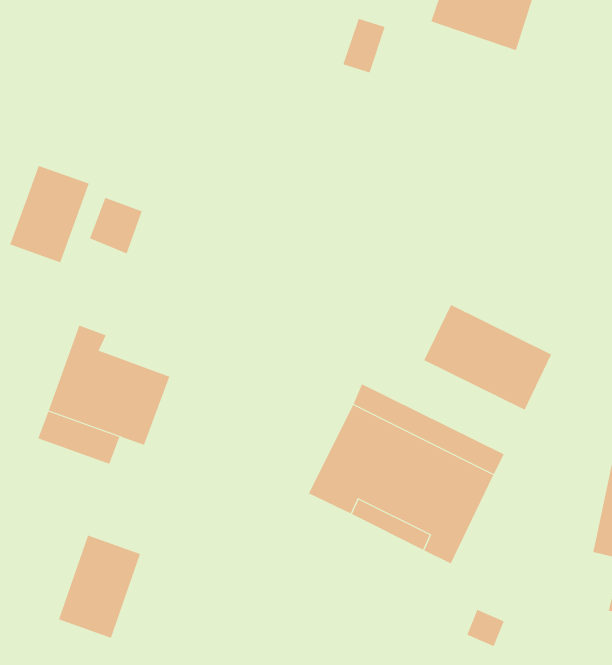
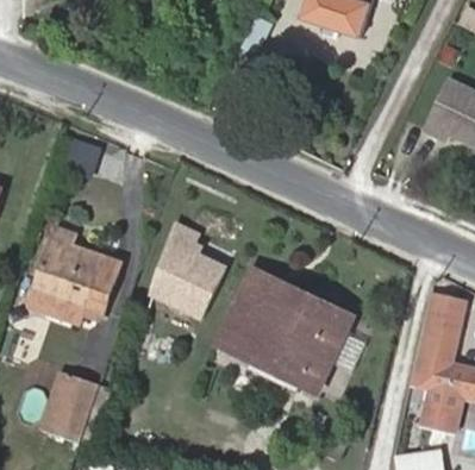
building: [10,165,89,263] -> none
building: [424,304,552,410] -> none
building: none -> [140,219,226,320]

